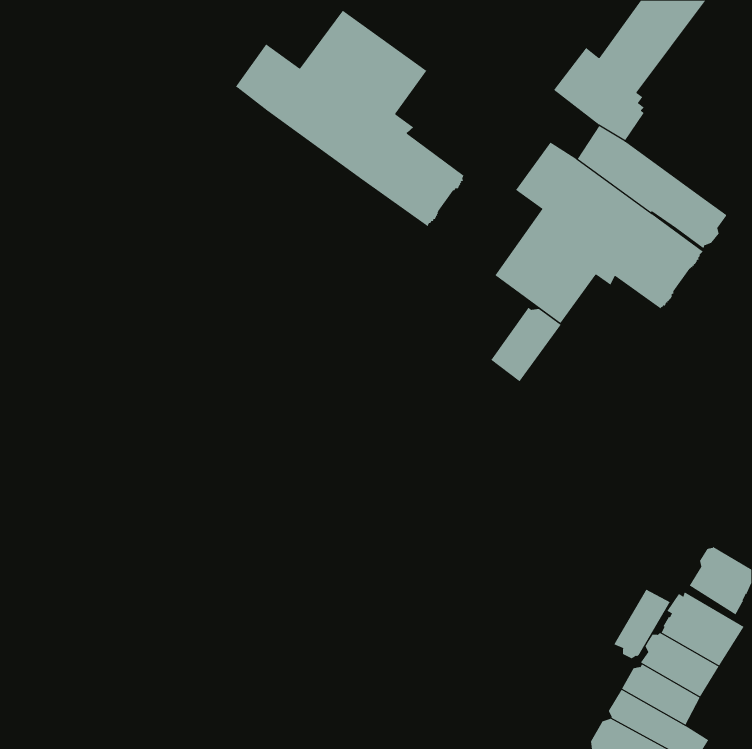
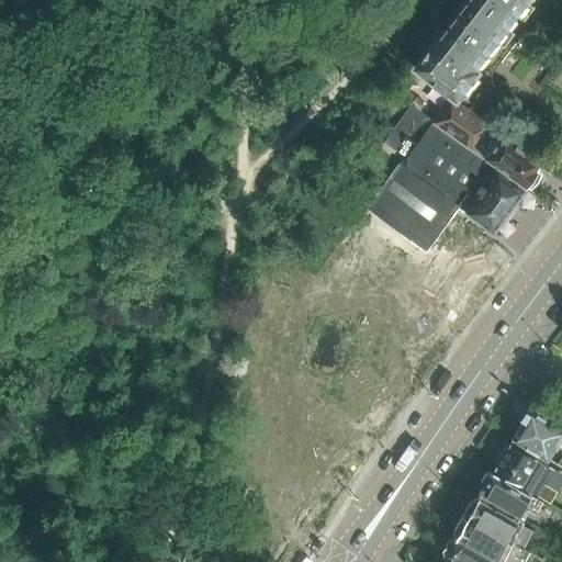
building: [235,10,464,227] -> none
building: [490,307,562,382] -> none
building: [614,589,670,659] -> none

